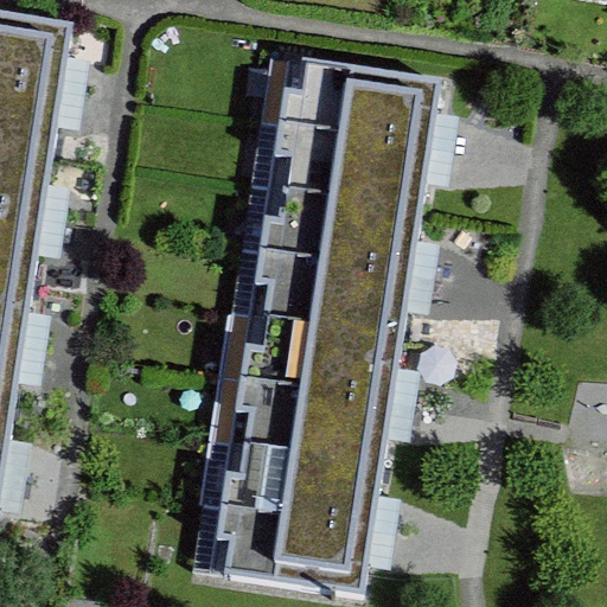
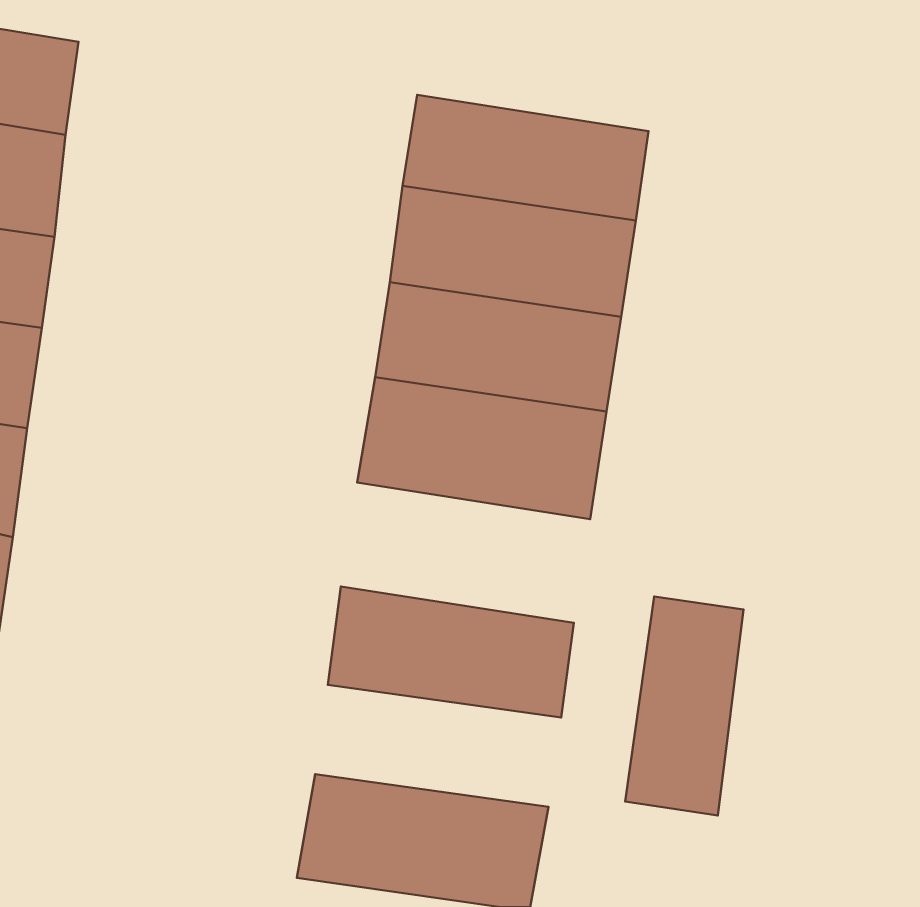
building: [222,314,384,405] -> none
building: none -> [625,596,743,815]
building: [205,446,365,525] -> none

